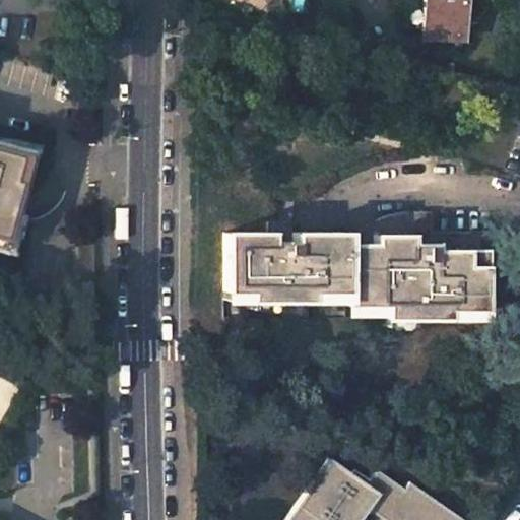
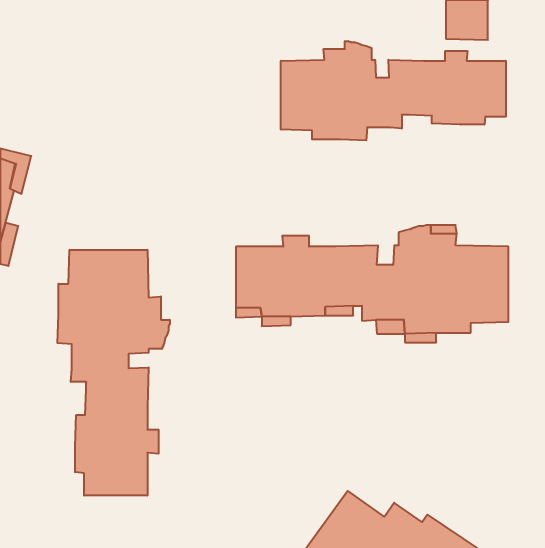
building: none -> [281,41,506,140]
building: none -> [57,250,170,496]

